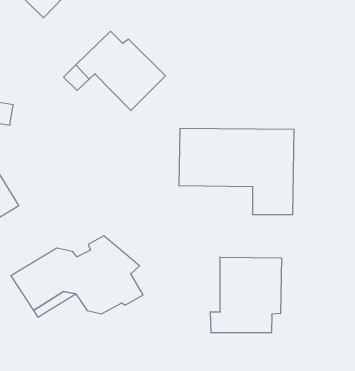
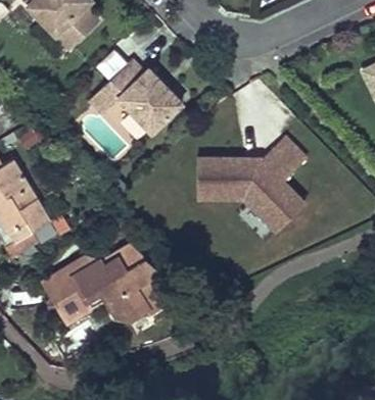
building: [210,257,281,333] -> none

